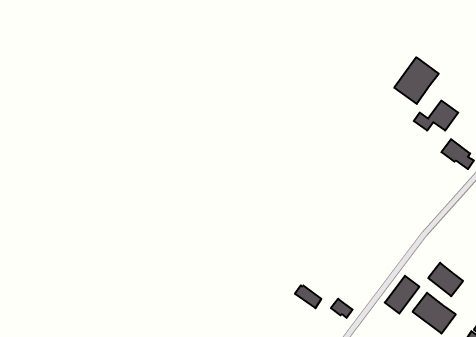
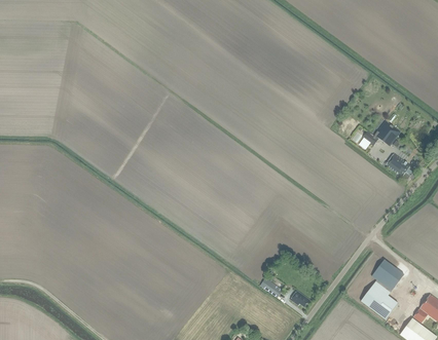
building: [394,57,439,104] -> none
building: [385,276,419,314] -> none

